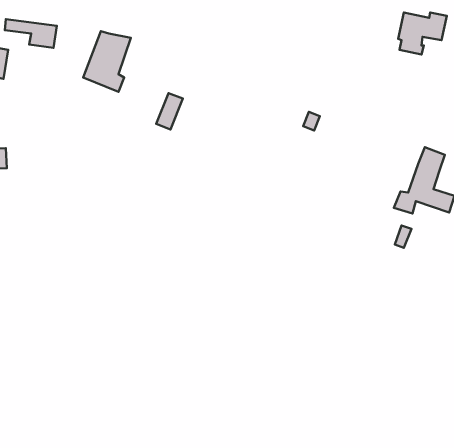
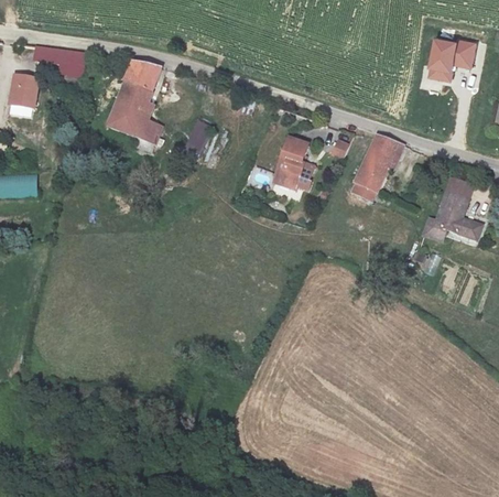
building: none -> [107,105,163,142]
building: none -> [352,133,404,199]
building: none -> [273,136,315,190]

